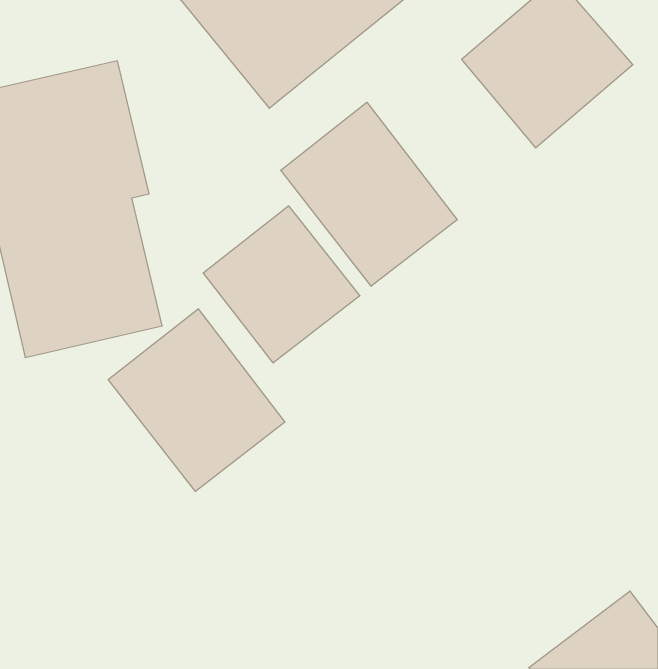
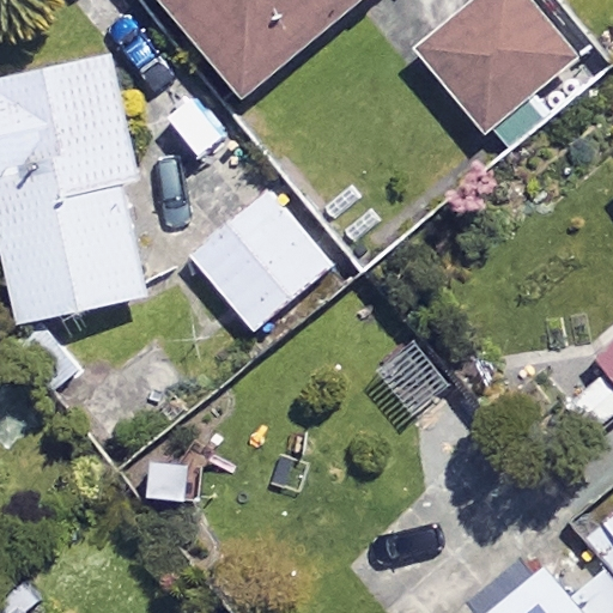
building: [281,102,457,286] -> none
building: [108,309,285,491] -> none

